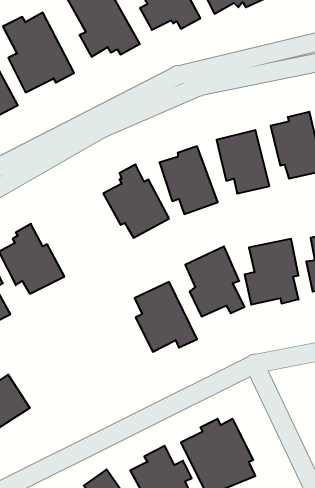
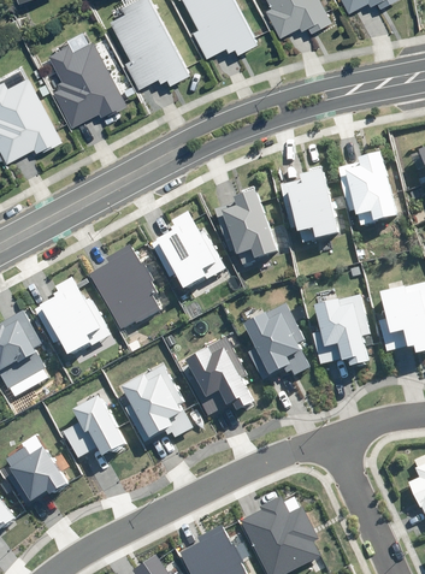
building: none -> [88,242,165,326]
building: none -> [124,362,193,442]
building: none -> [63,391,126,456]

